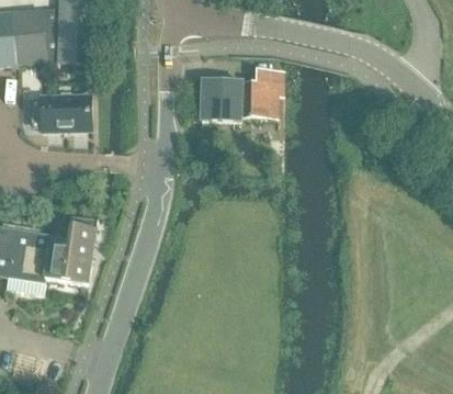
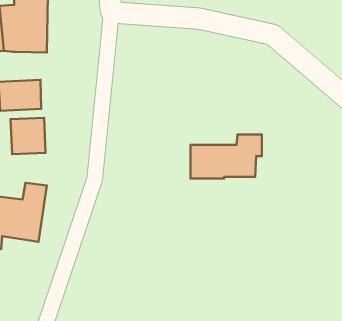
building: [202,69,285,121] -> [191,135,262,179]
building: none -> [10,118,45,154]

